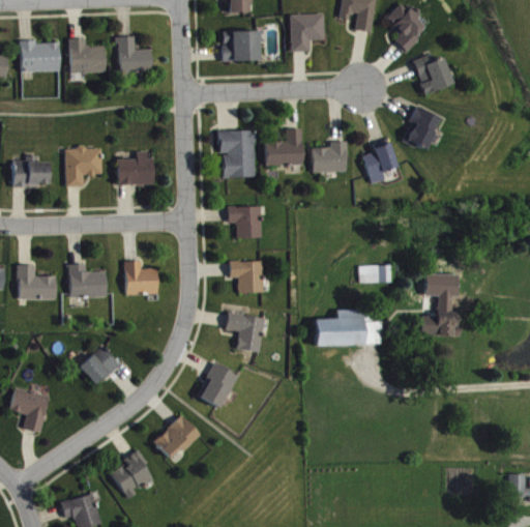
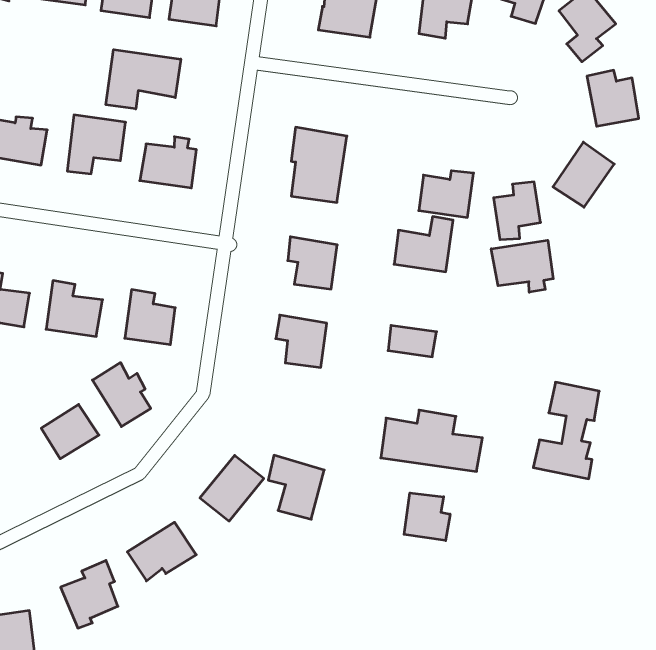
building: none -> [106,50,181,109]
building: [264,128,301,166] -> [394,217,453,272]
building: none -> [491,240,553,292]
building: [358,265,390,284] -> [388,325,437,357]
building: none -> [92,363,151,427]
building: [226,313,263,352] -> [268,455,324,519]
building: none -> [404,493,450,541]

